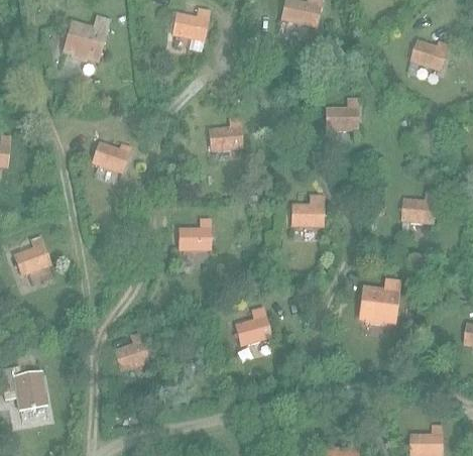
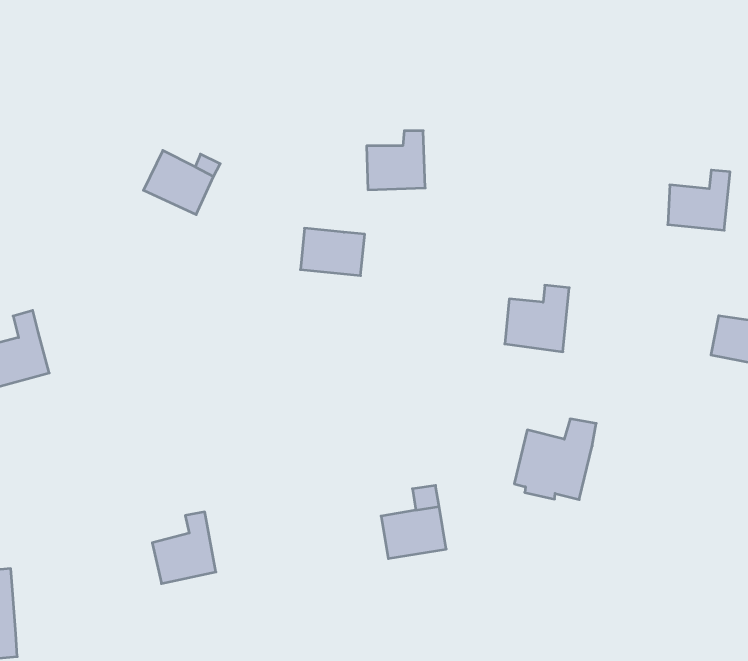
building: [325,99,356,130] -> [668,170,730,230]
building: [178,228,210,250] -> [300,228,365,276]
building: [358,278,398,322] -> [514,419,596,500]

